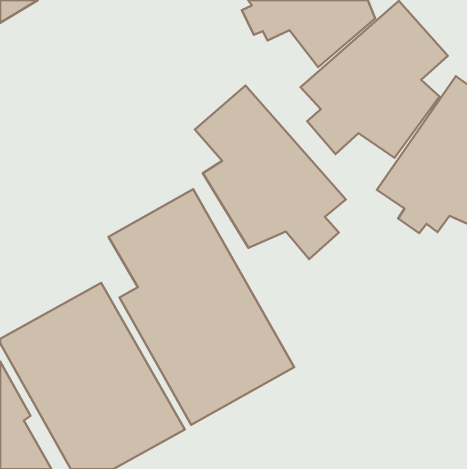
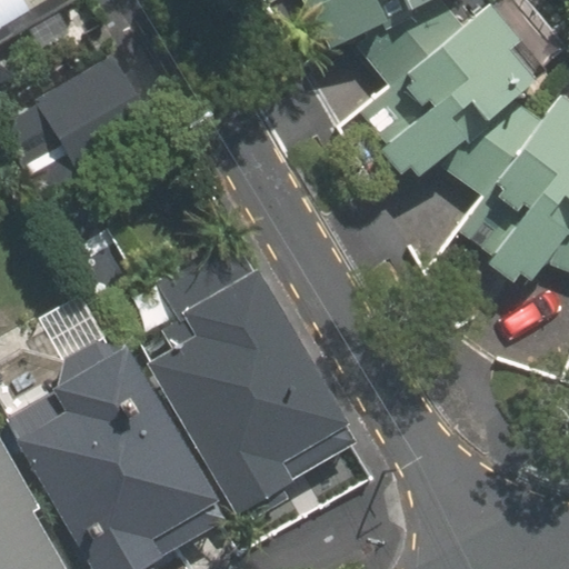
building: none -> [37,54,154,167]
building: [195,85,346,259] -> none

